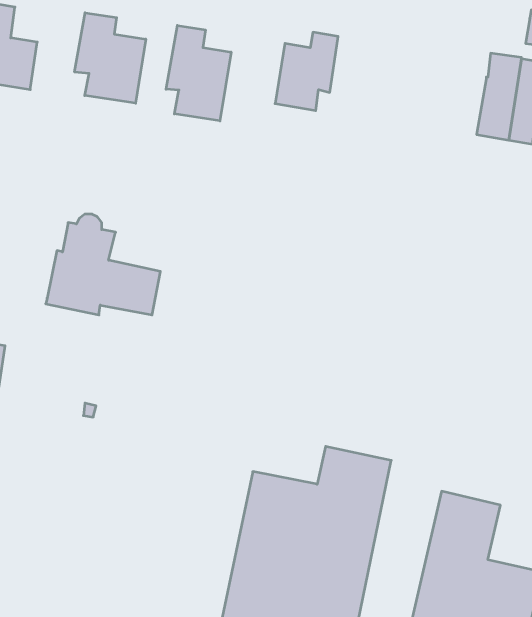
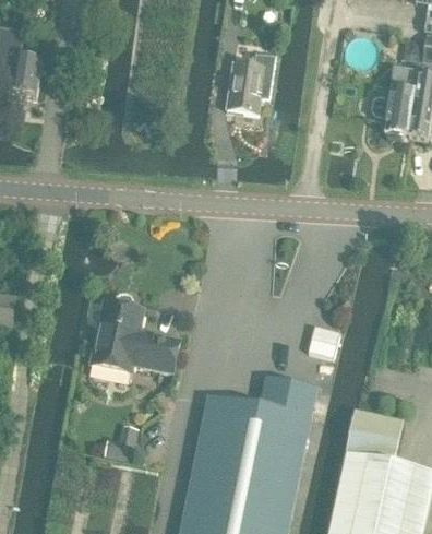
building: [75,13,146,103] -> none
building: [166,25,231,121] -> none
building: [46,214,160,315] -> [91,294,180,372]

